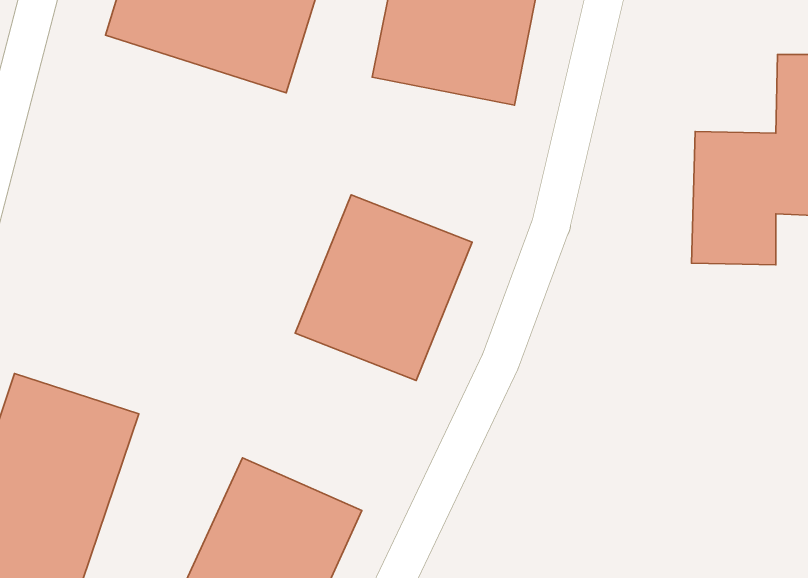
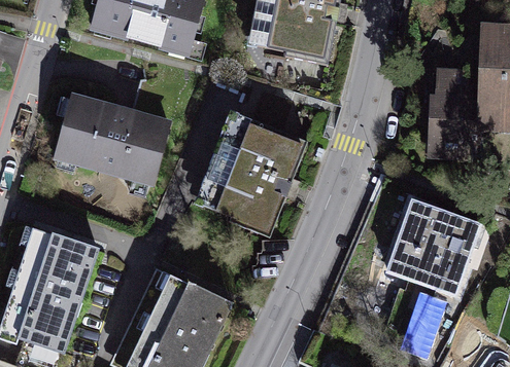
building: none -> [45,86,172,188]
building: none -> [383,195,486,297]

